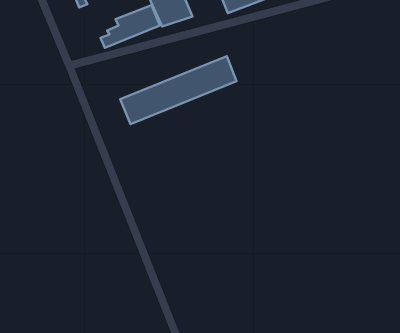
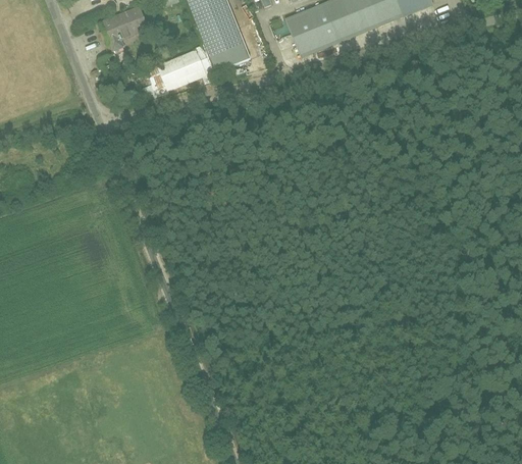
building: [120,56,237,124] -> none

